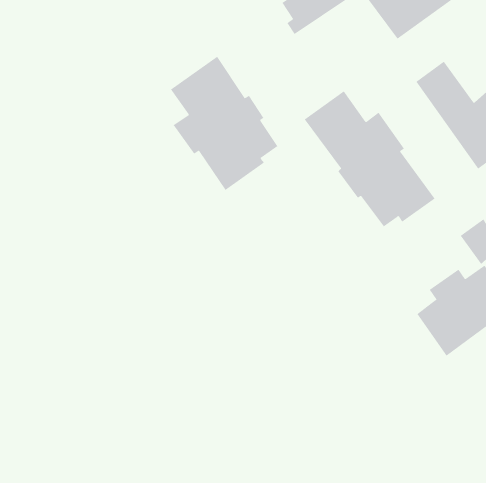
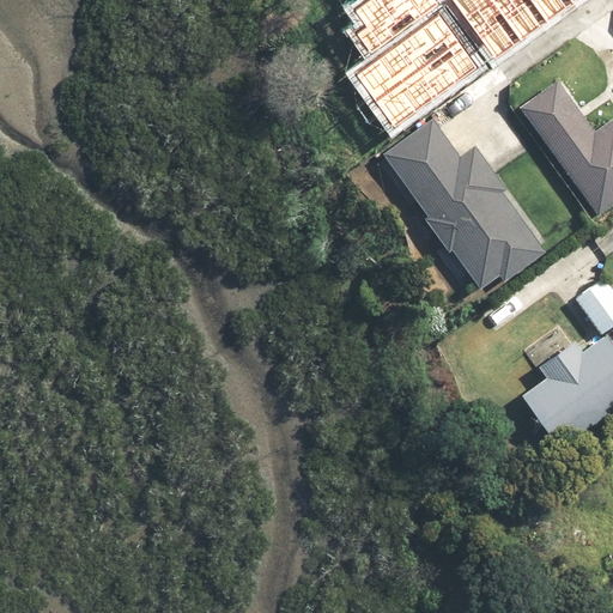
building: none -> [356,14,477,125]
building: [170,56,278,191] -> none

